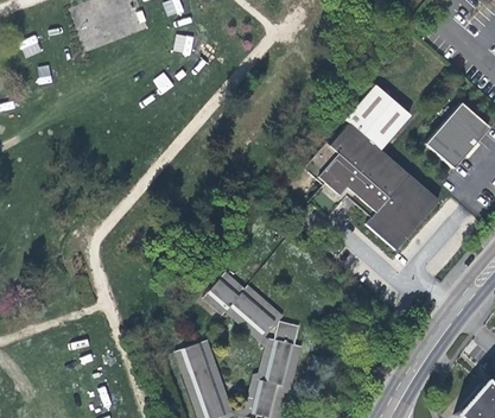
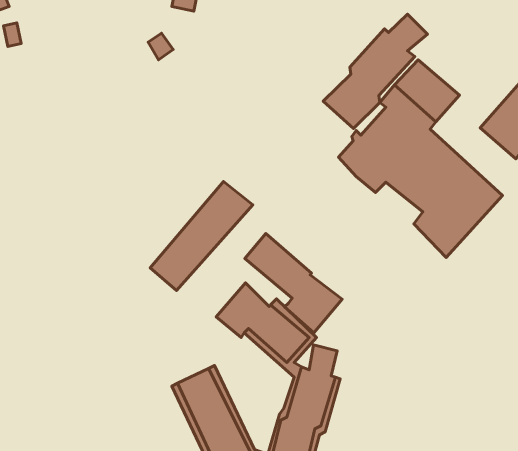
building: none -> [323,14,427,129]
building: none -> [150,182,253,291]
building: none -> [245,234,342,333]

